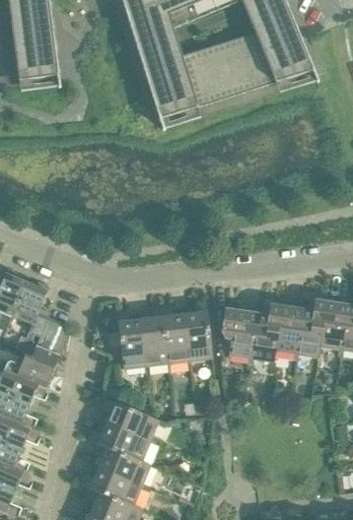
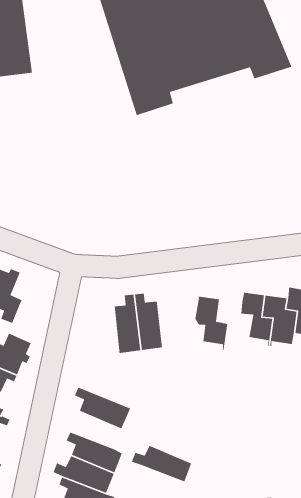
building: [184,301,211,360] -> none
building: [117,310,145,368] -> none
building: [242,311,278,363] -> none
building: [36,316,67,354] -> none
building: [87,422,148,460] -> [131,445,192,483]

